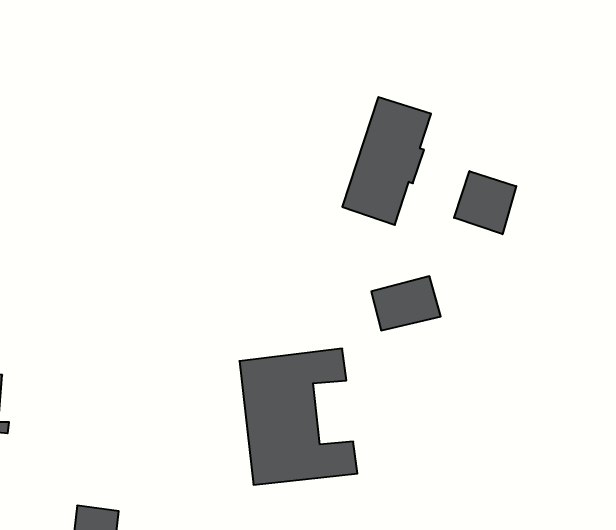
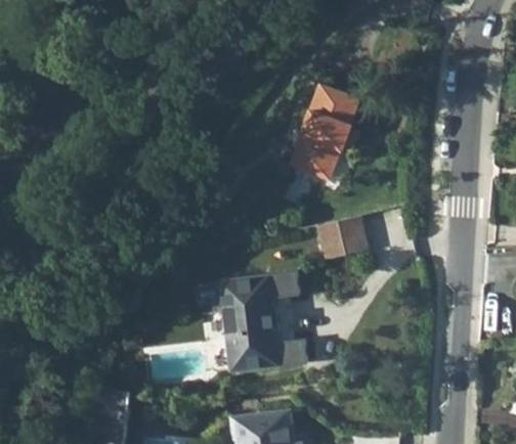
building: [454,171,516,234] -> none

